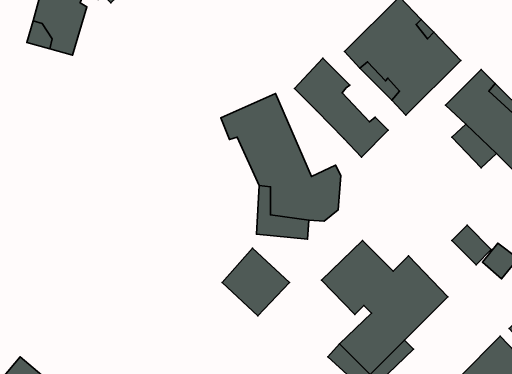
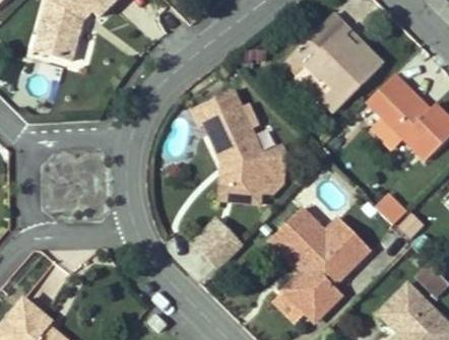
building: [294,58,388,157] -> none

